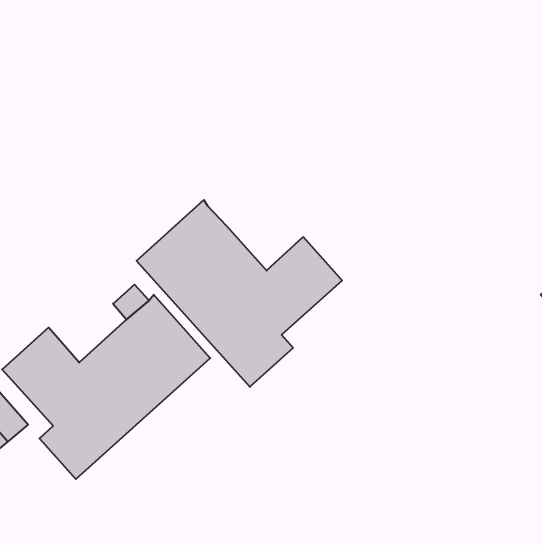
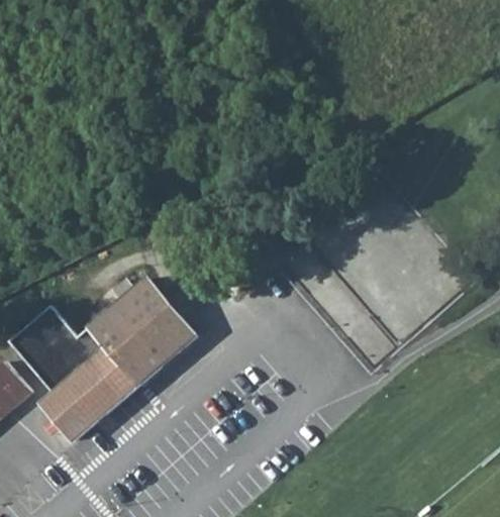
building: [137,200,342,387] -> none

